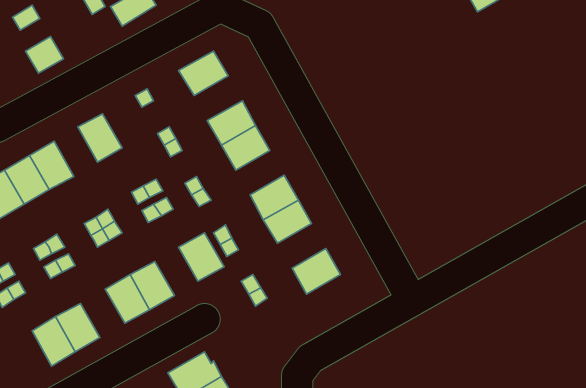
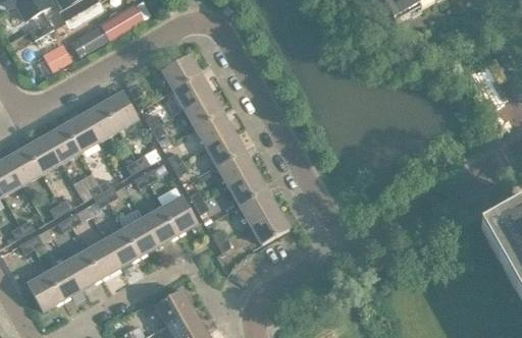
building: none -> [70,23,108,55]
building: none -> [173,72,211,107]
building: none -> [102,91,138,128]
building: none -> [64,112,98,151]
building: none -> [206,130,244,165]
building: none -> [239,187,276,222]
building: none -> [143,206,176,243]
building: none -> [85,238,119,276]
building: none -> [27,271,62,309]

